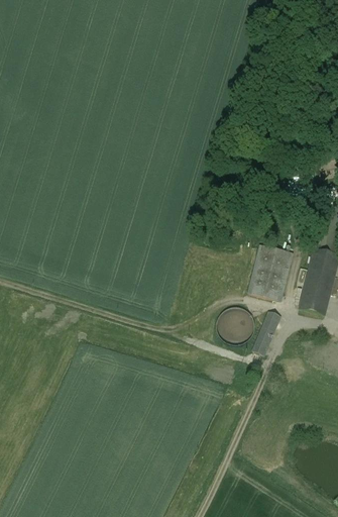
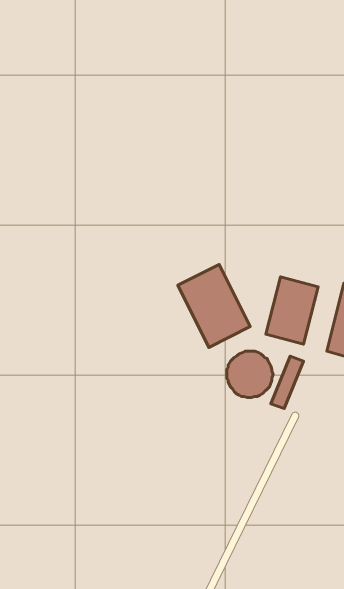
building: none -> [178,264,250,347]

